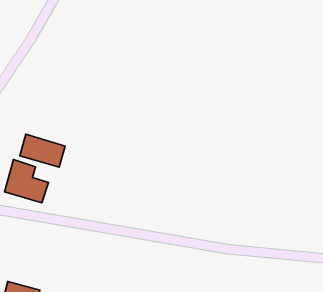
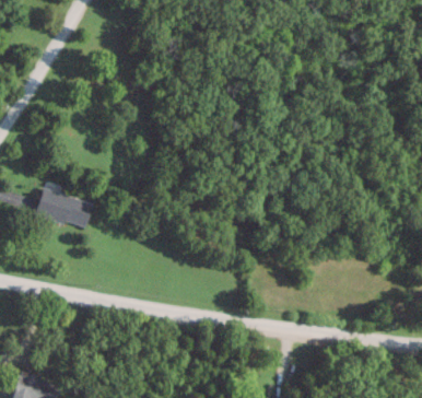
building: [4,160,48,203] -> none

